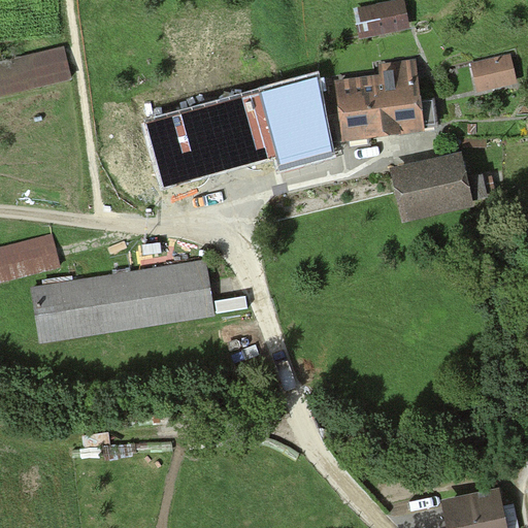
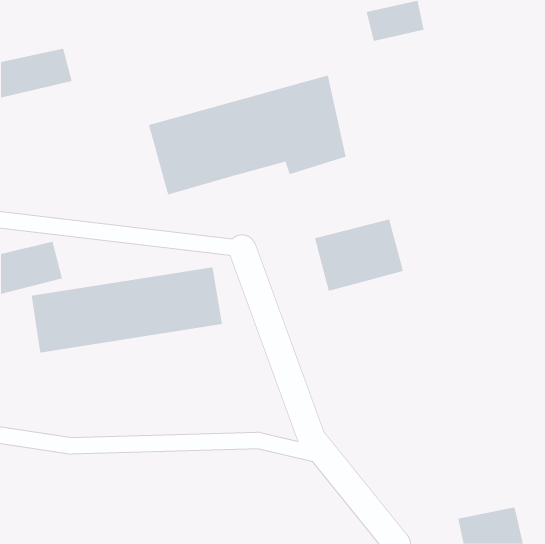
building: [470,53,515,93] -> none
building: [337,59,424,142] -> none
building: [387,154,473,224] -> [314,219,404,291]

